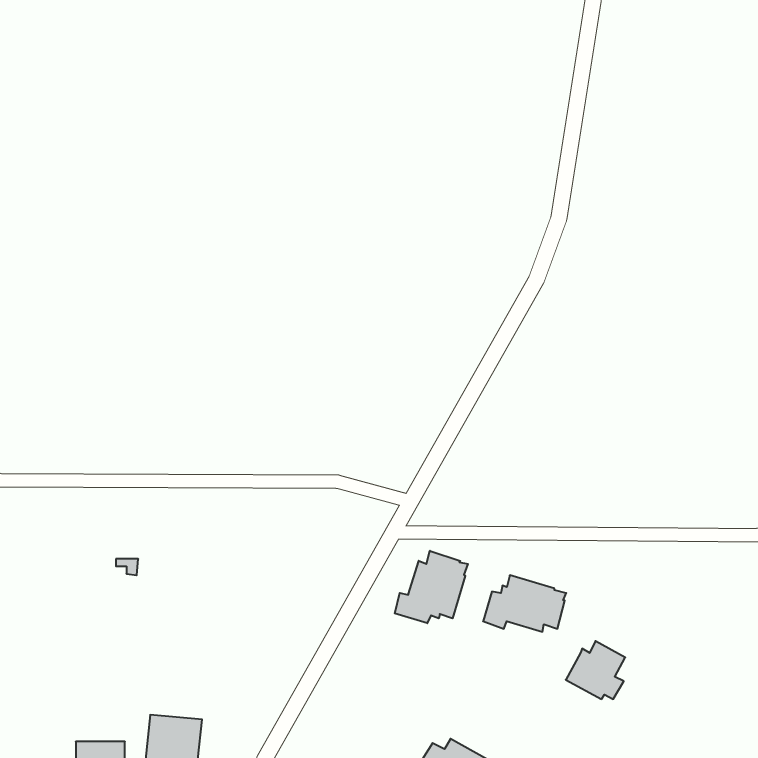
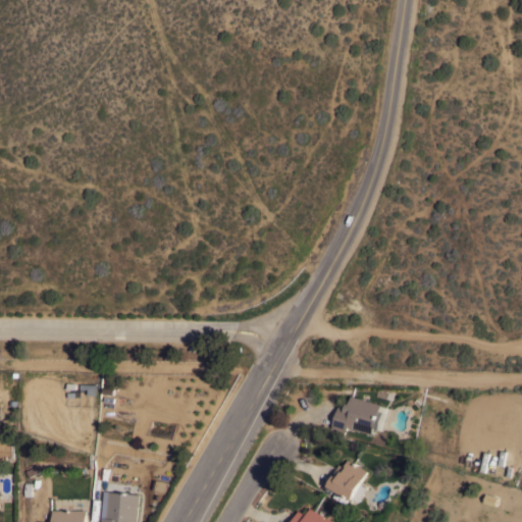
building: [395,551,468,623] -> none
building: [566,641,625,699] -> [326,460,367,500]

